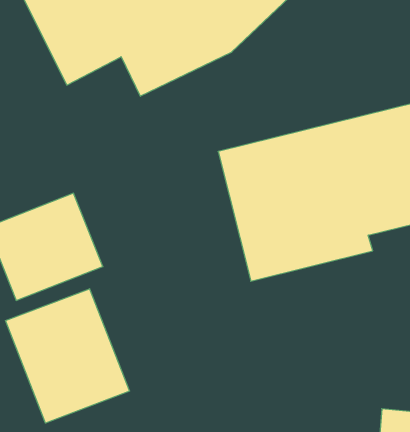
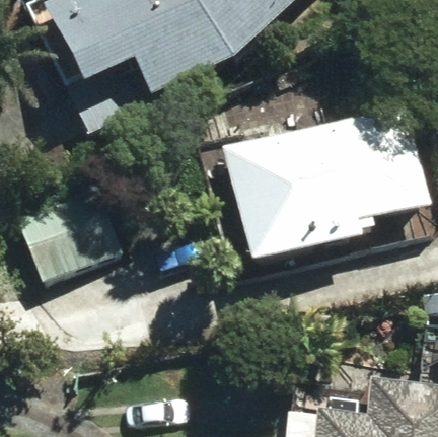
building: [5,289,130,423] -> none

